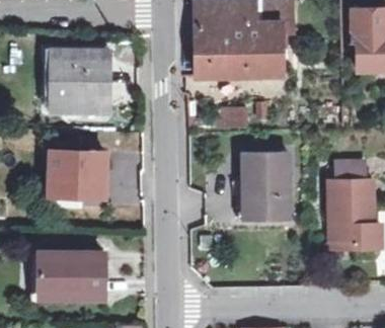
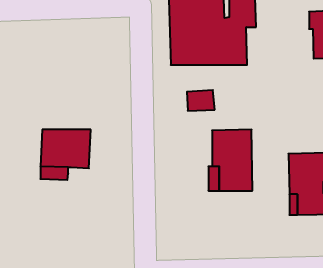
building: [51,50,105,107] -> none
building: [38,251,105,298] -> none

